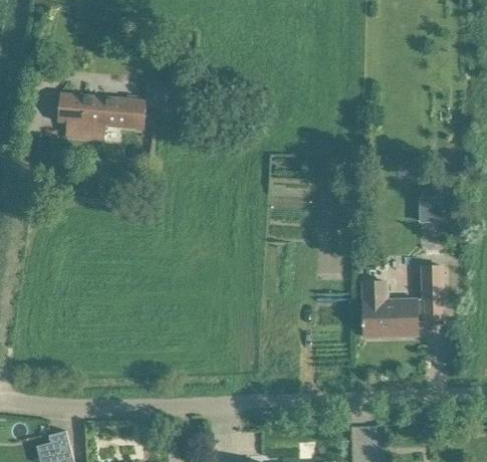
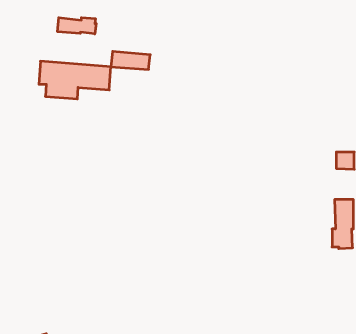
building: none -> [58,18,96,34]
building: [360,282,417,337] -> none

